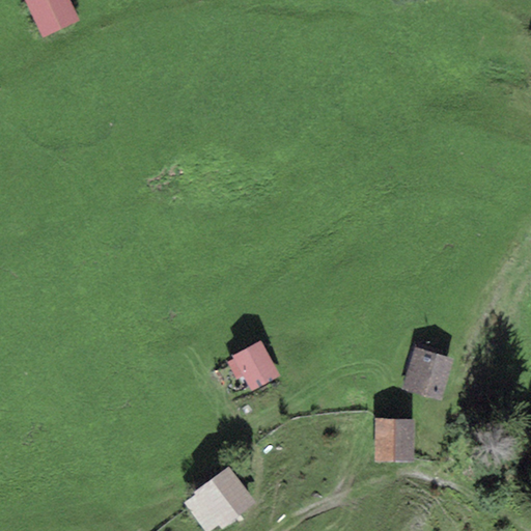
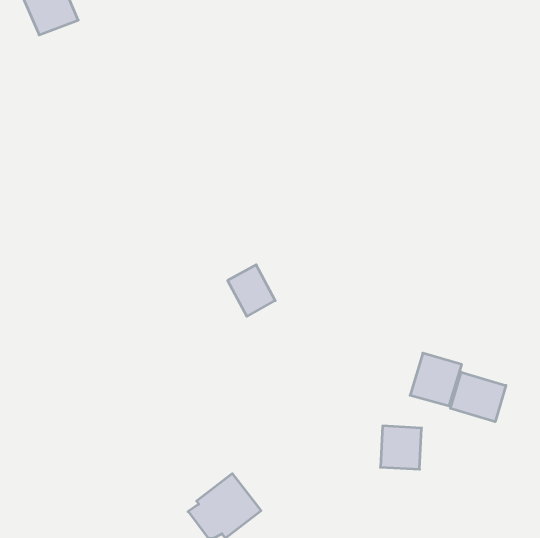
building: [232,339,279,390] -> [228,265,275,316]
building: none -> [450,372,506,422]

